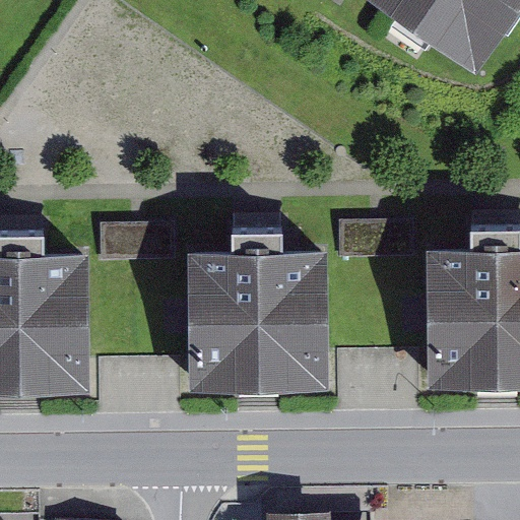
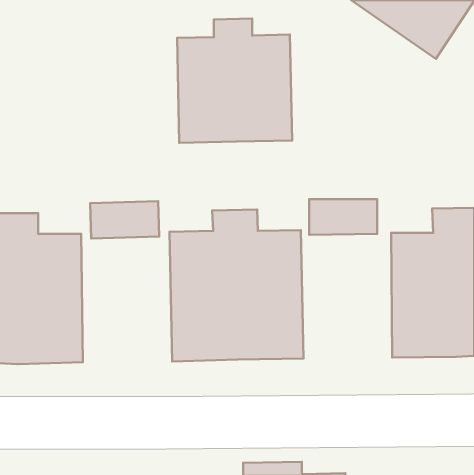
building: none -> [177,19,292,143]

